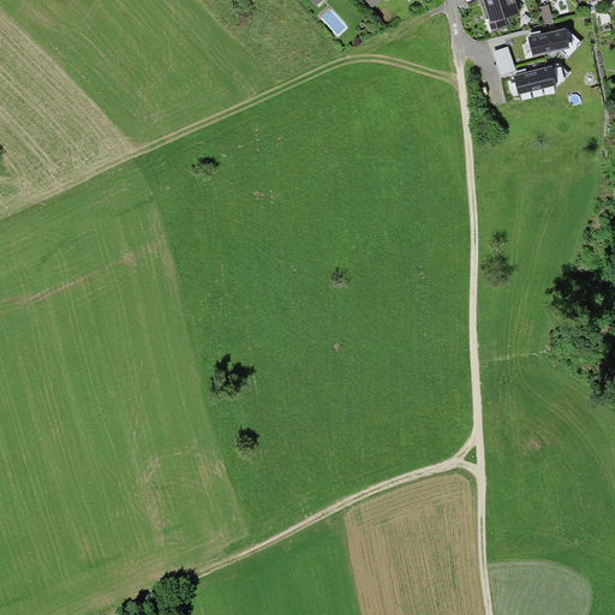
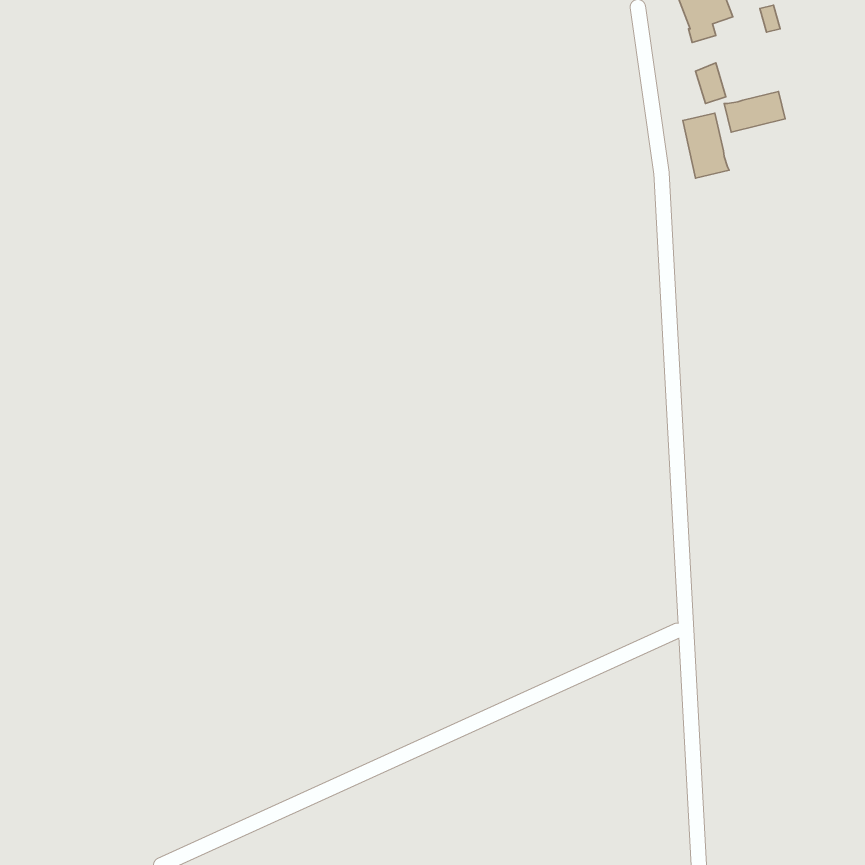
building: [527,28,568,55] -> none
building: none -> [683,113,729,178]

